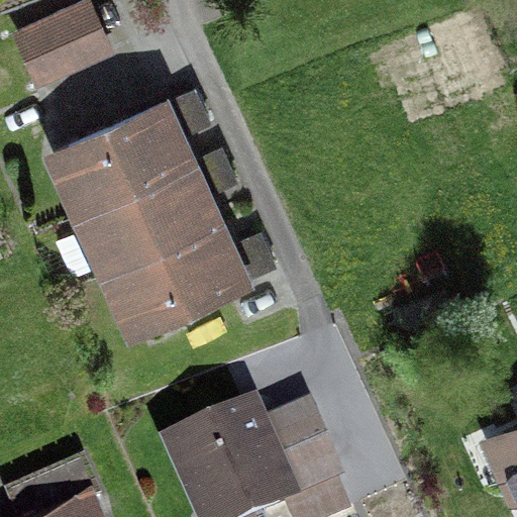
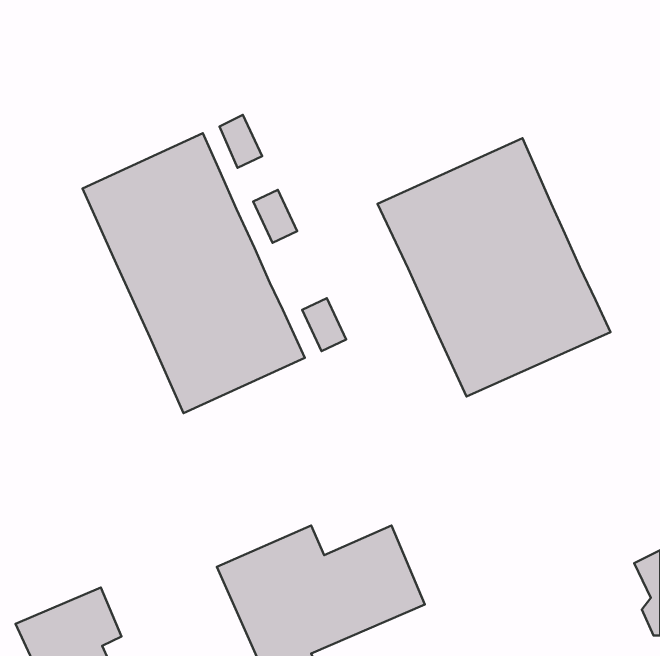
building: [13,8,104,83] -> none
building: none -> [377,138,610,396]

